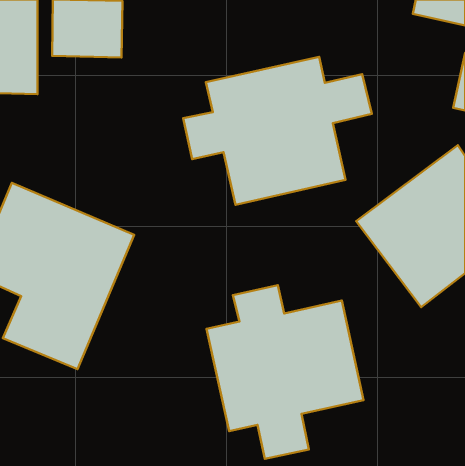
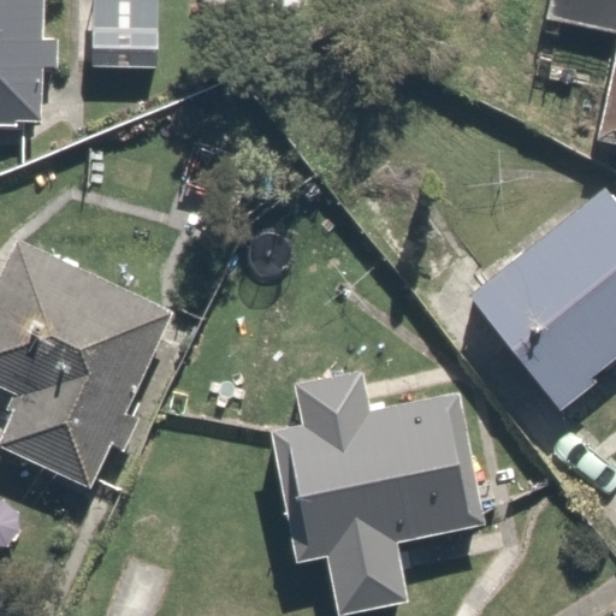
building: [183,57,372,205] -> none

